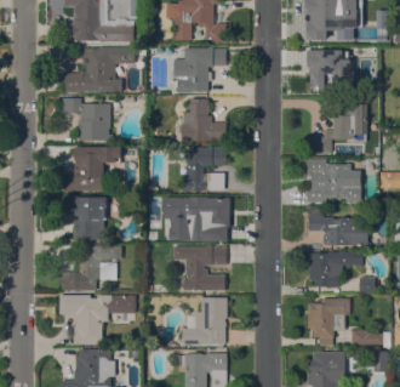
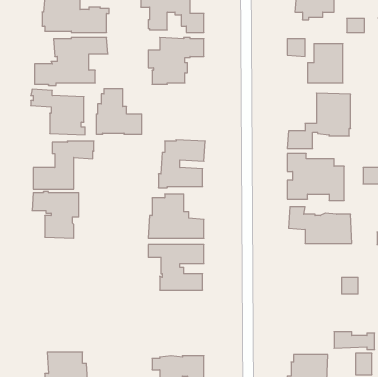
building: [182,98,225,142] -> [96,89,142,134]
building: [62,245,121,290] -> none
building: [308,252,362,288] -> none
building: [59,295,136,345] -> none
building: [182,297,228,343] -> none
building: [308,298,350,347] -> none

